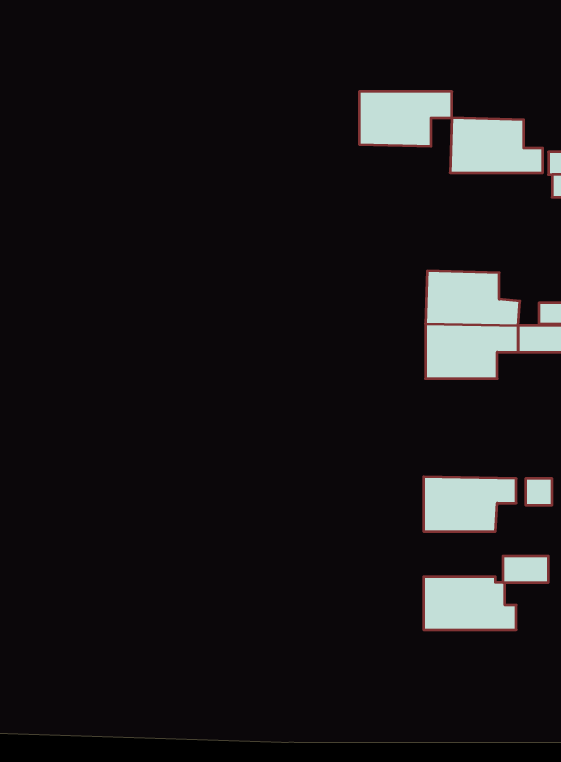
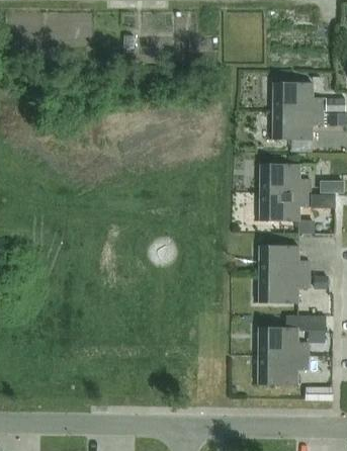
building: [359,92,452,146] -> [273,110,323,140]
building: none -> [259,245,310,274]
building: none -> [258,355,309,384]

